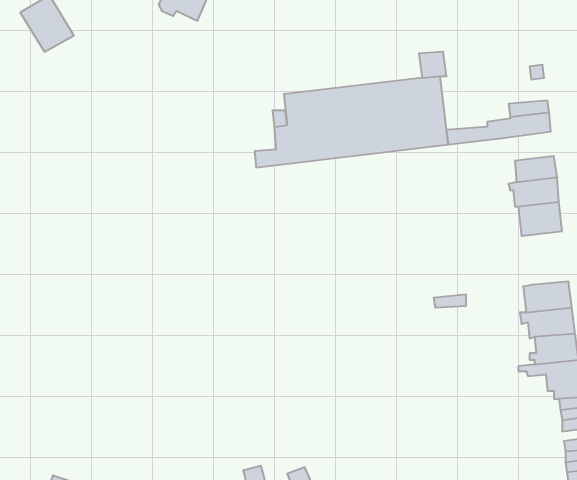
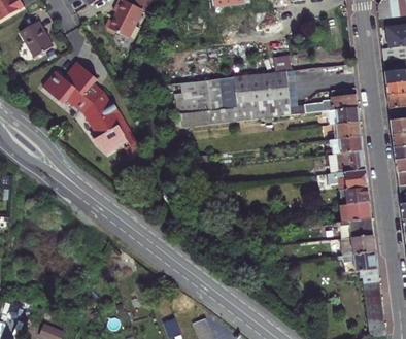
building: none -> [43,64,136,150]
building: none -> [326,106,359,125]
building: none -> [327,169,368,203]

